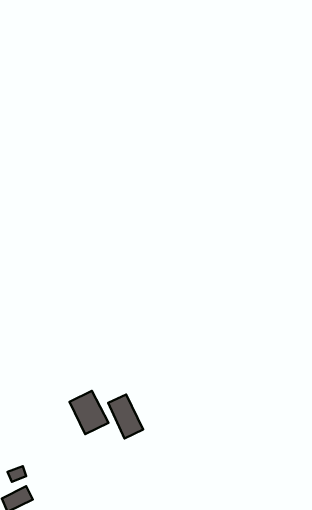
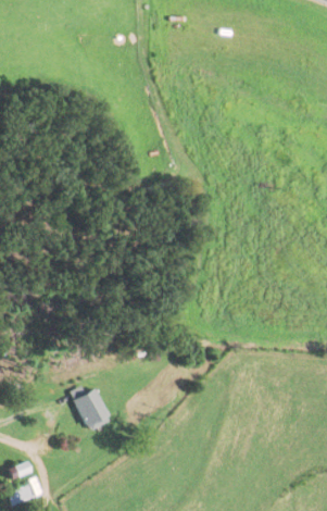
building: [108,394,143,439] -> none

